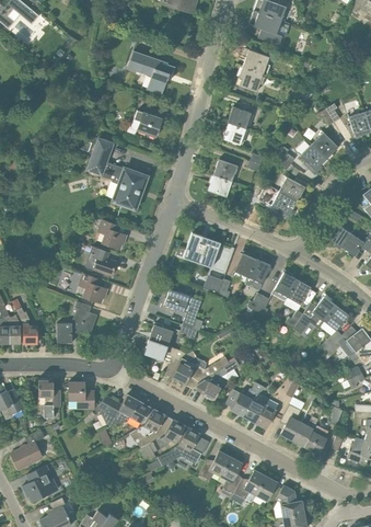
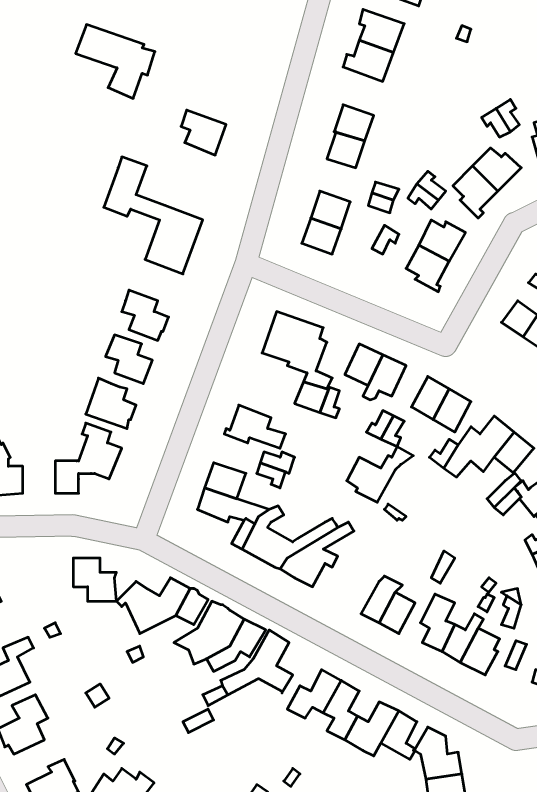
building: [126,50,174,95] -> [76,25,155,98]
building: [38,379,60,417] -> none
building: [224,382,265,416] -> [347,447,413,502]

